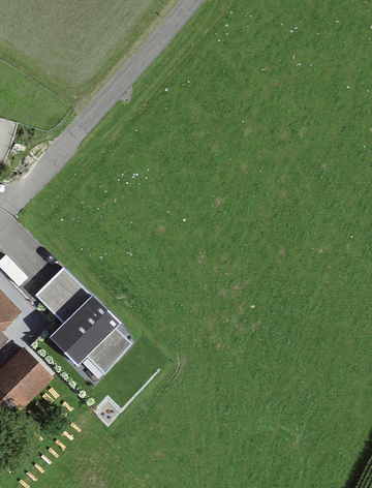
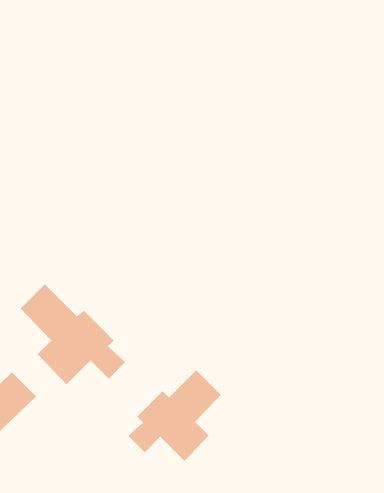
building: none -> [128,369,222,462]

